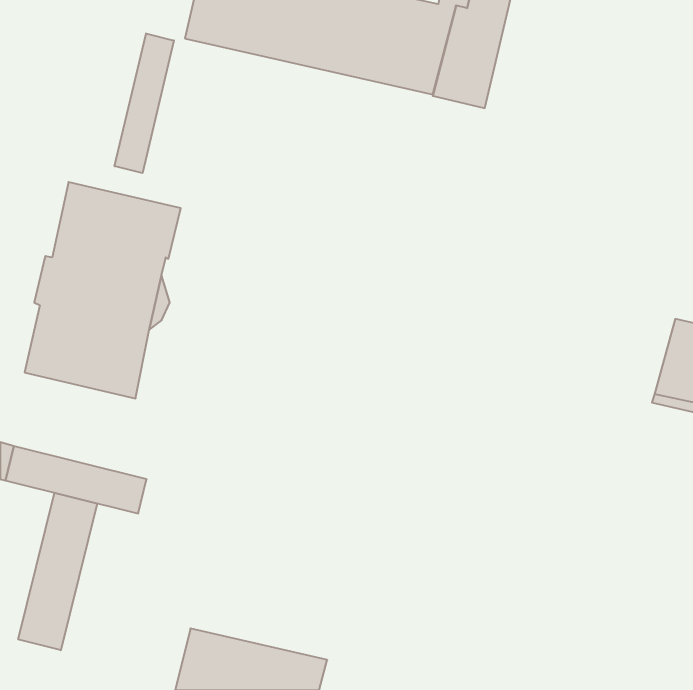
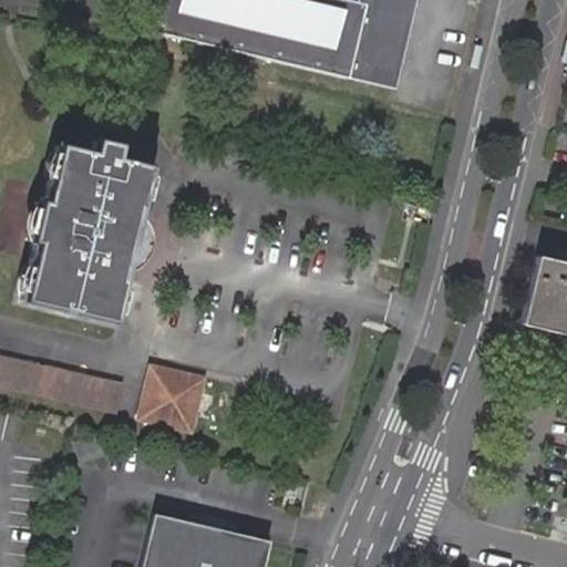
building: [115,33,174,173] -> none
building: none -> [143,371,204,432]
building: [18,493,97,650] -> none

